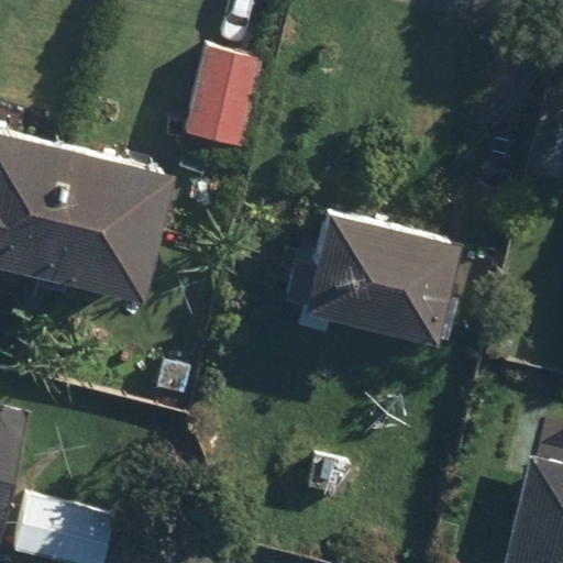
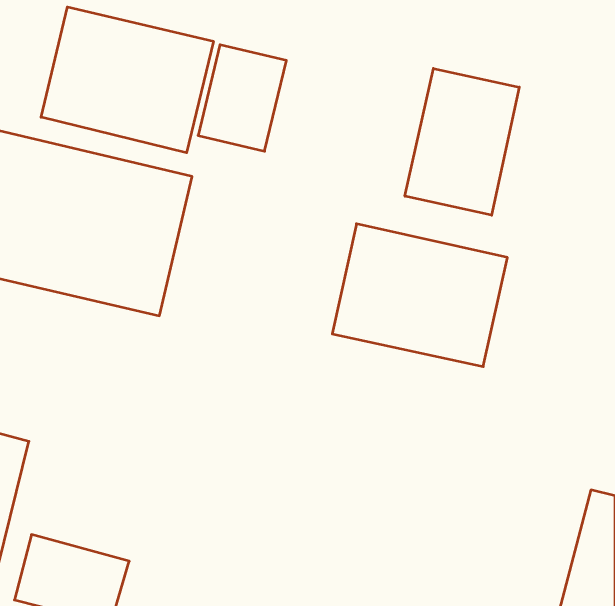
building: none -> [41,7,213,153]
building: none -> [405,68,519,215]

